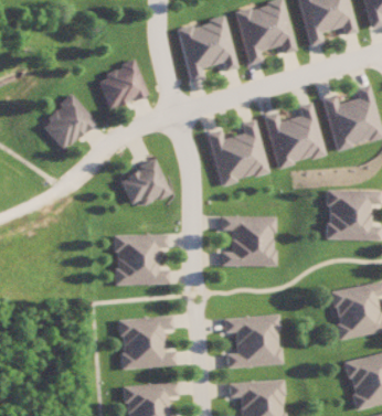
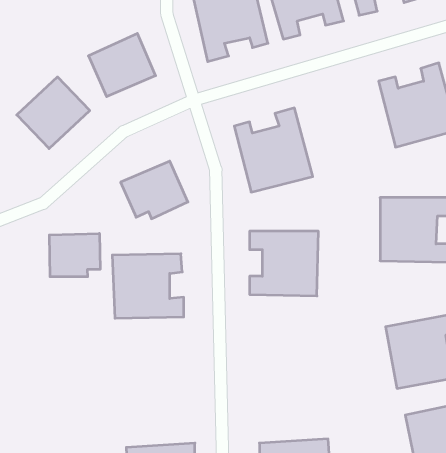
building: [264,102,326,168] -> none
building: none -> [49,233,100,277]
building: [223,314,280,367] -> none
building: [118,317,176,369] -> none

